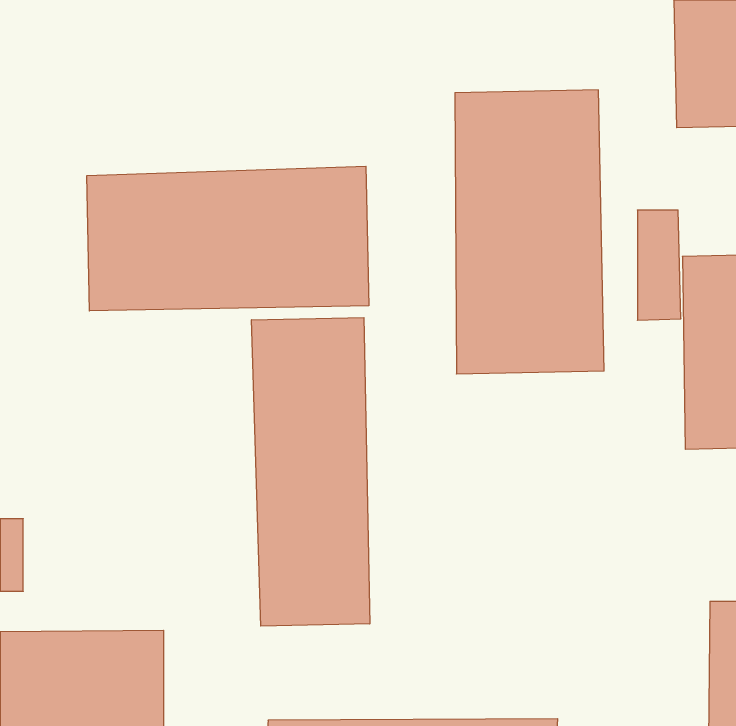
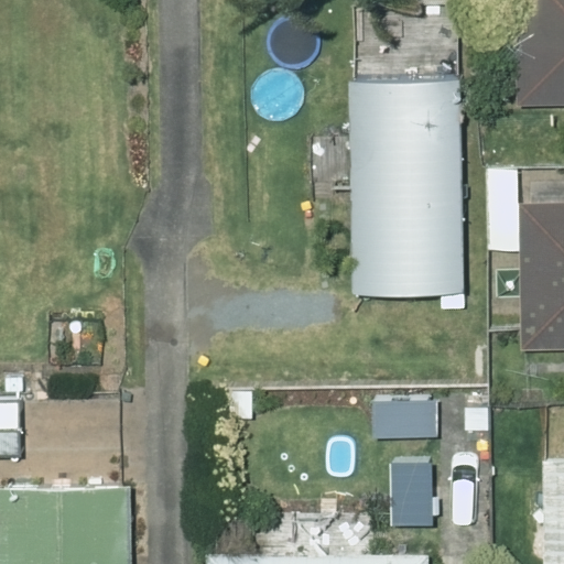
building: [87,166,369,311] -> none
building: [252,318,370,626] -> none

